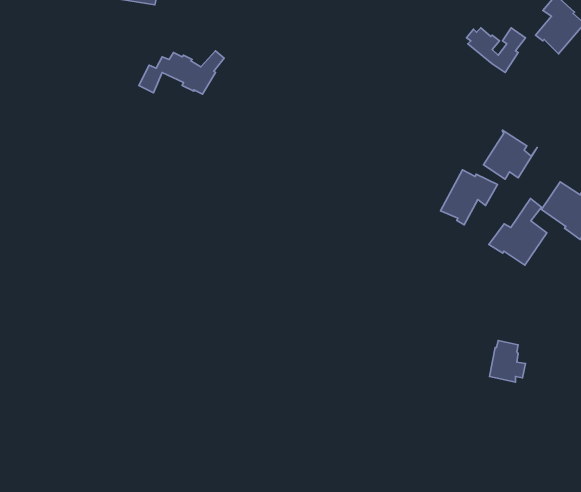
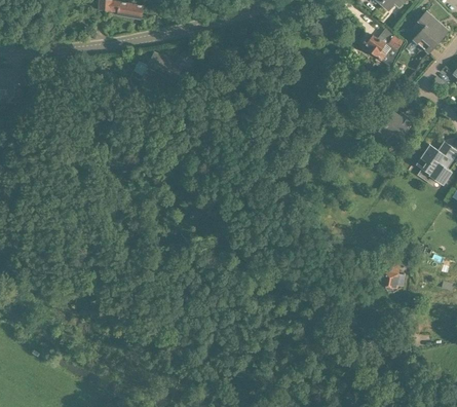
building: [440,170,497,225] -> none
building: [489,198,547,265] -> none

